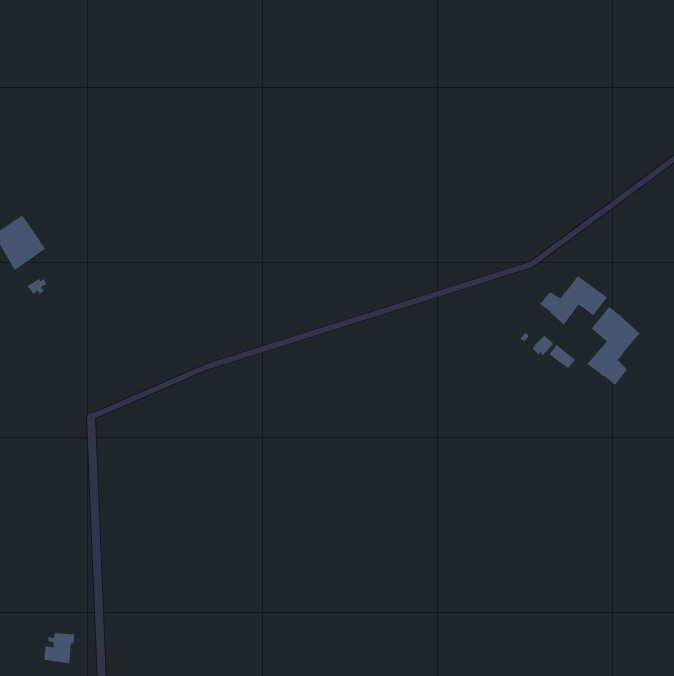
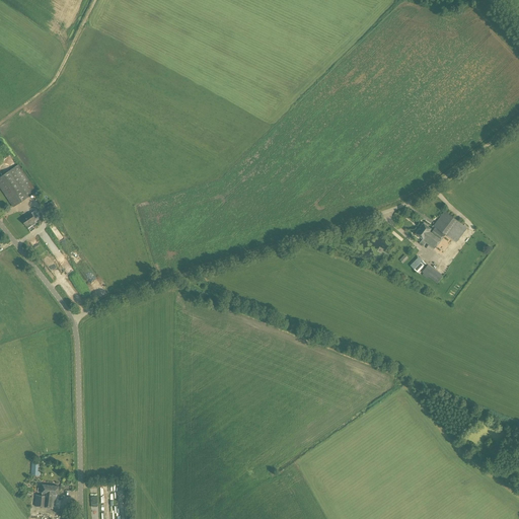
building: [586,306,640,386] -> none

